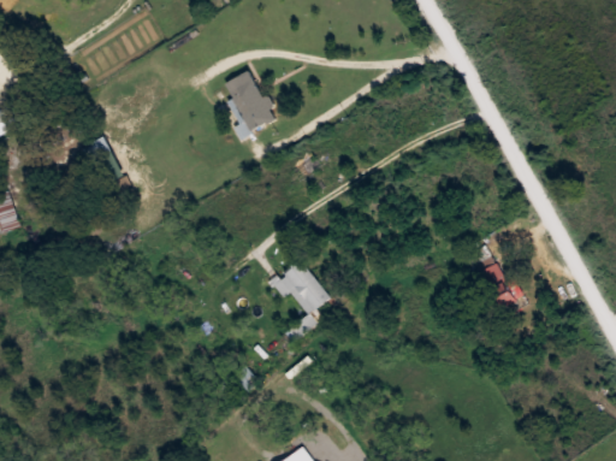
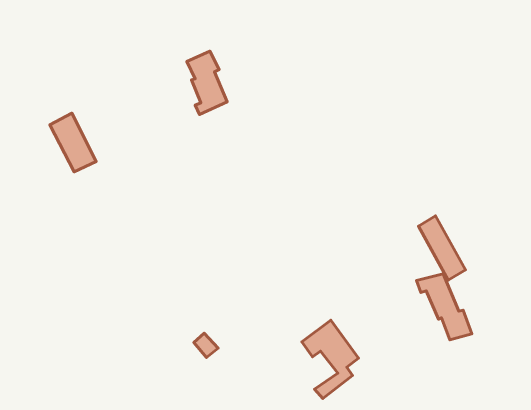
building: [272,260,331,342] -> [302,320,358,398]
building: none -> [417,274,472,340]

